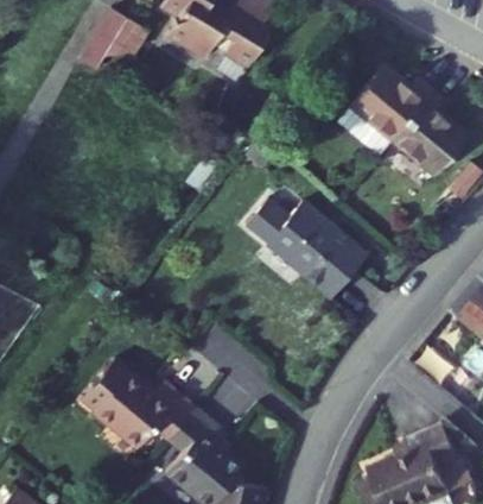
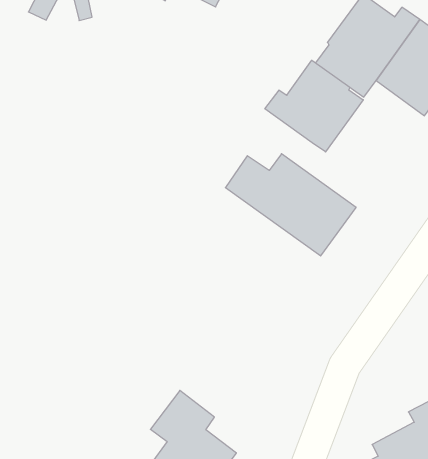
building: none -> [265,60,363,152]
building: [95,372,197,449] -> none

